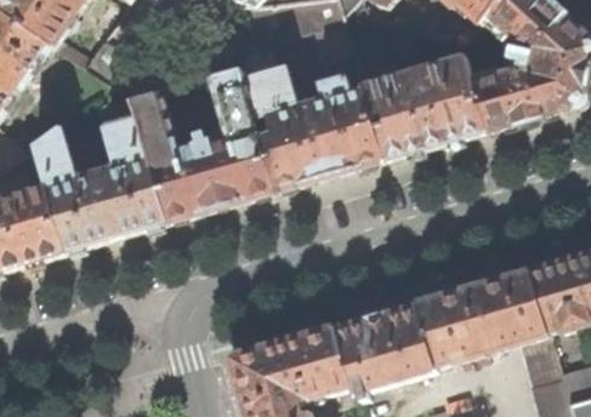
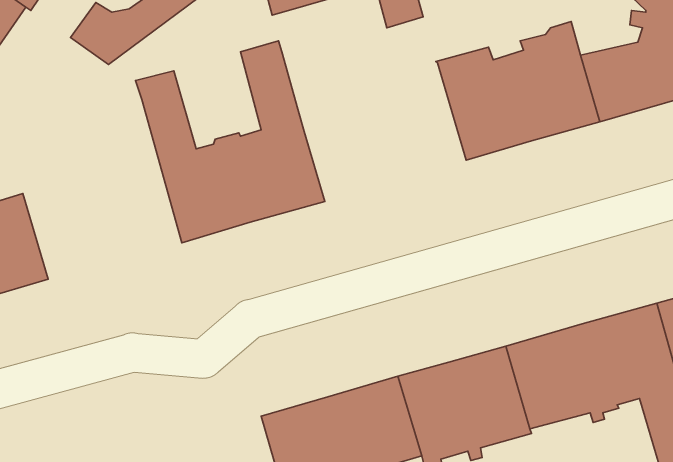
building: [243,64,383,192] -> none
building: [33,114,166,251] -> none

